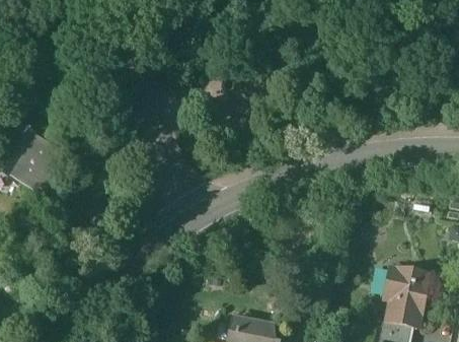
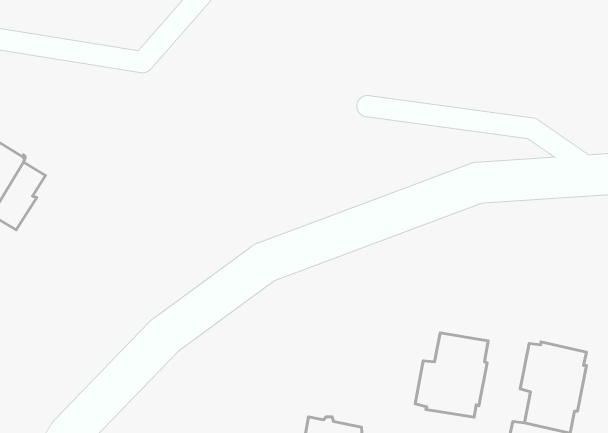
building: none -> [415,333,488,417]

